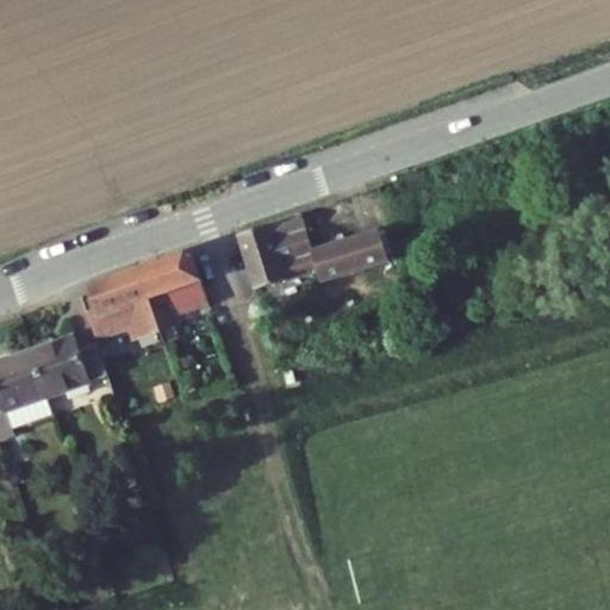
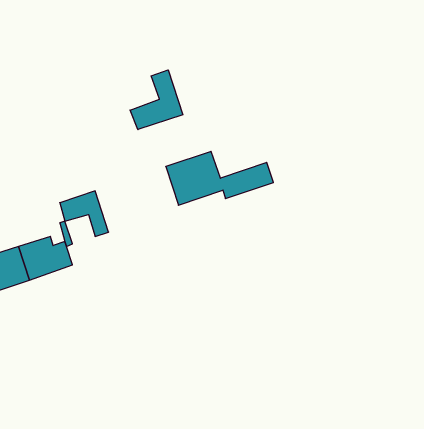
building: none -> [130,70,183,130]
building: [135,254,204,330] -> none

